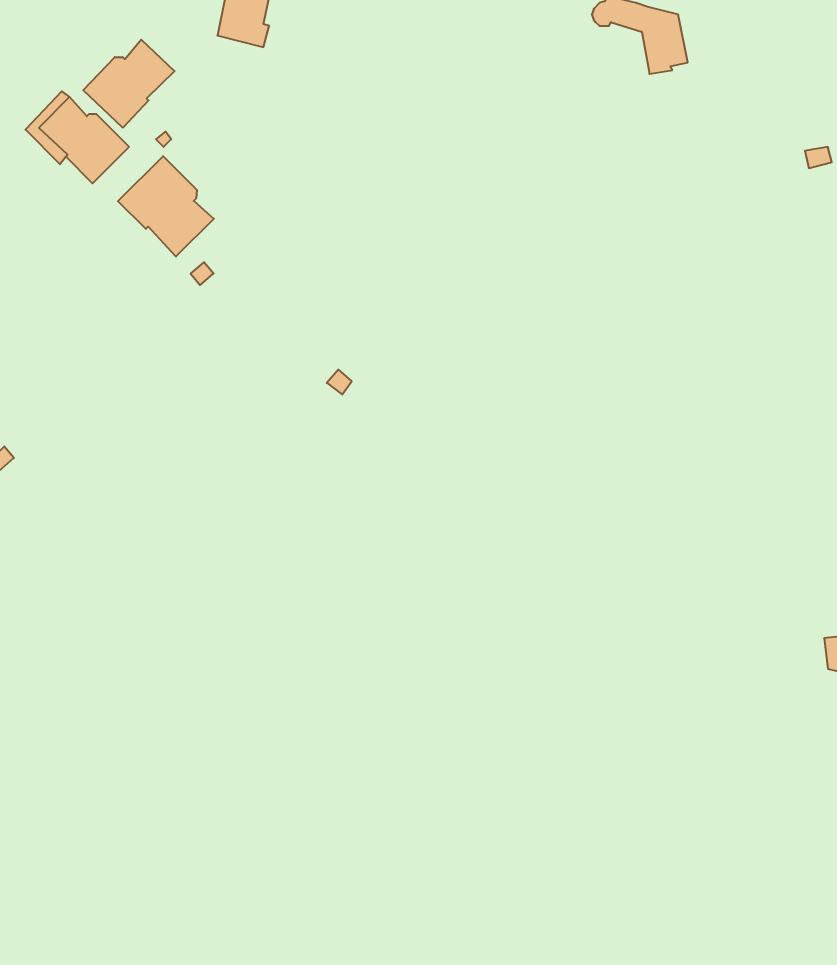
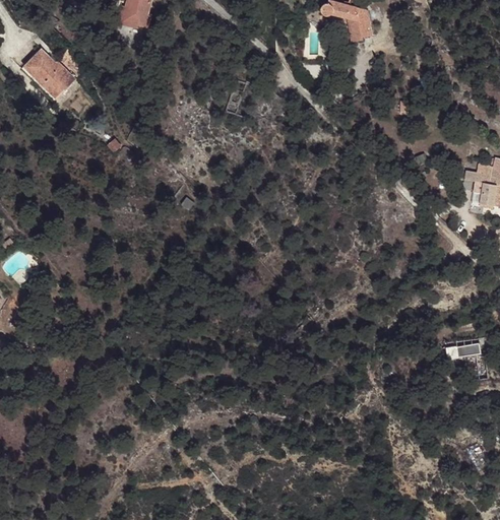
building: [83,40,175,128] -> none
building: [118,156,214,257] -> none

